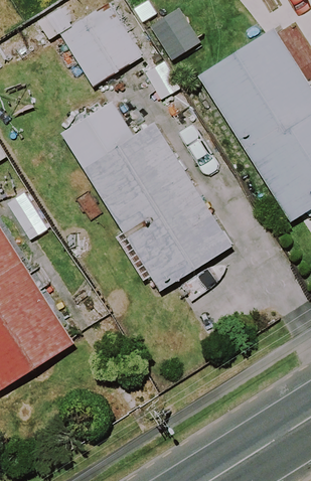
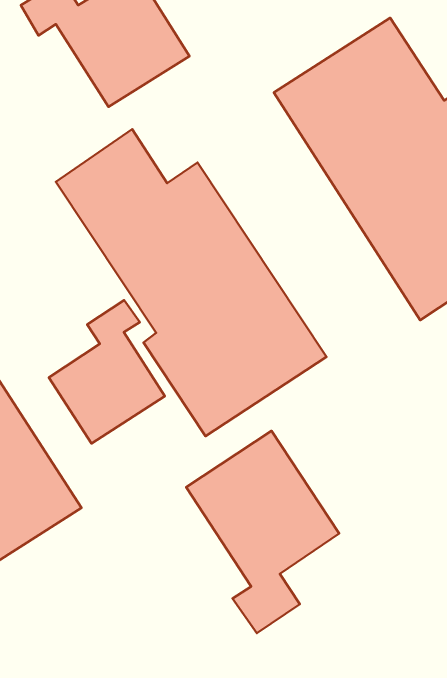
building: none -> [49,300,165,444]
building: none -> [186,431,339,633]

